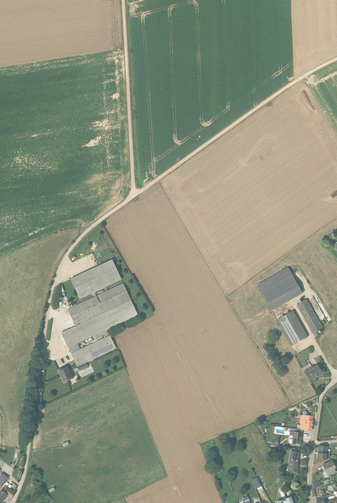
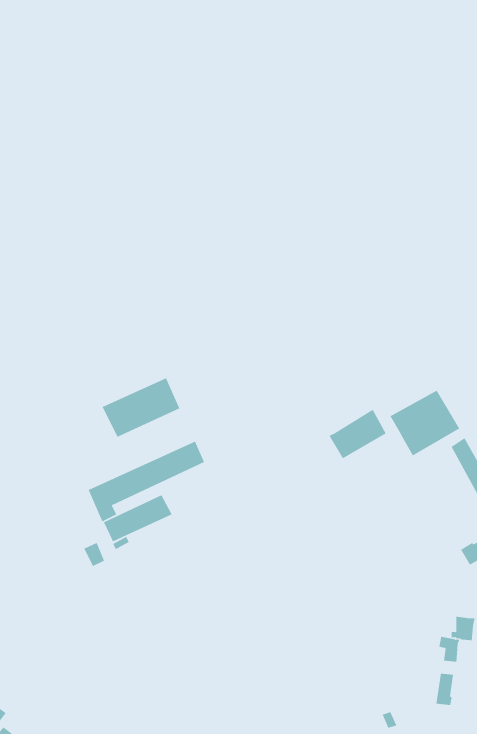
building: none -> [329,409,386,459]
building: [67,282,131,325] -> none
building: [277,310,308,345] -> none

